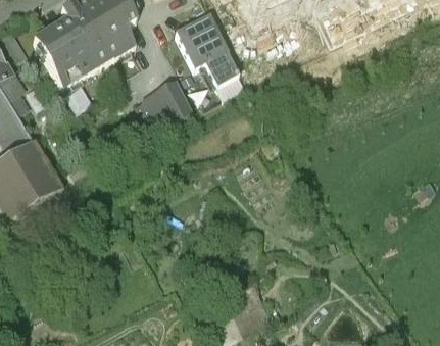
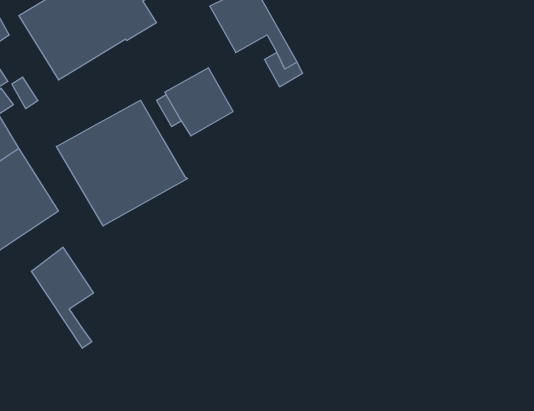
building: none -> [56,100,188,226]
building: none -> [31,247,93,348]

